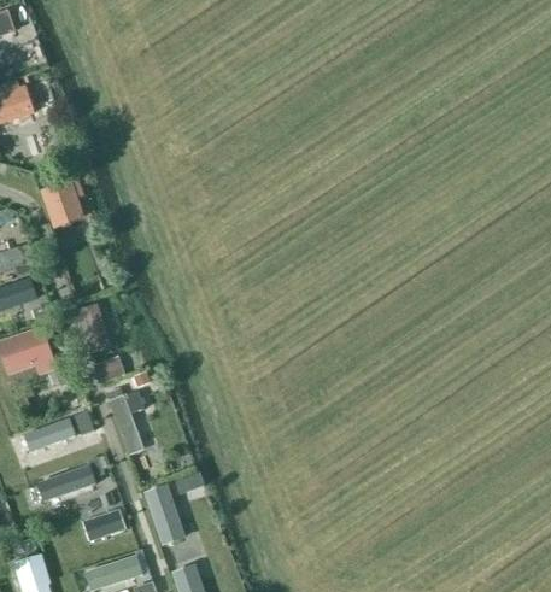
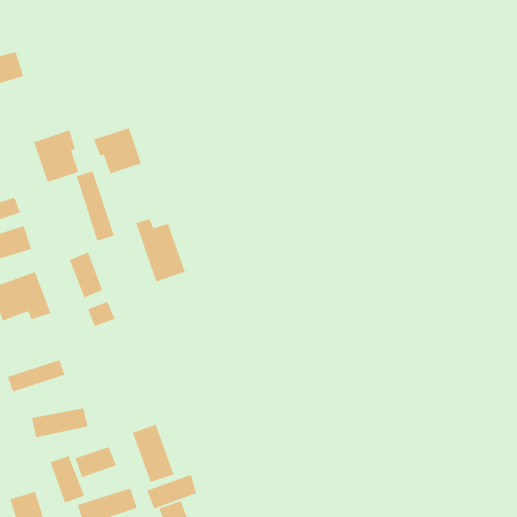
building: none -> [93,127,142,175]
building: none -> [76,170,115,242]
building: [105,386,158,453] -> [135,218,186,282]
building: none -> [50,455,85,504]
building: none -> [146,474,197,510]

